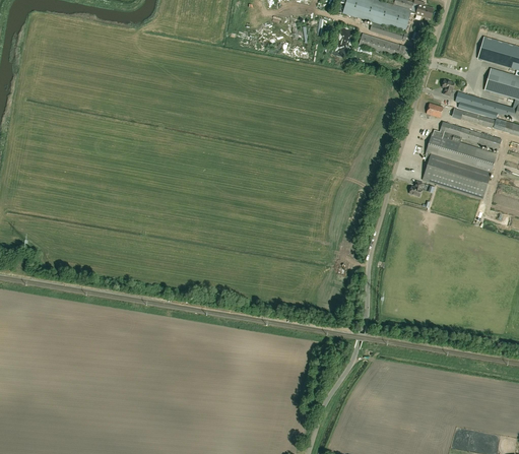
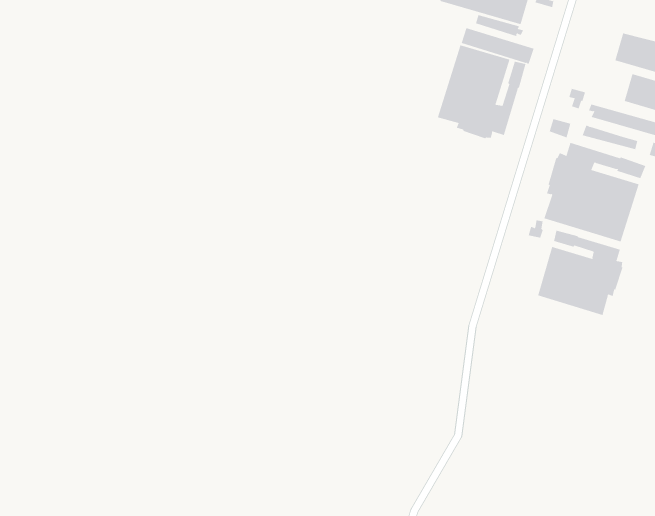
building: none -> [437,44,526,139]
building: none -> [537,230,623,316]

